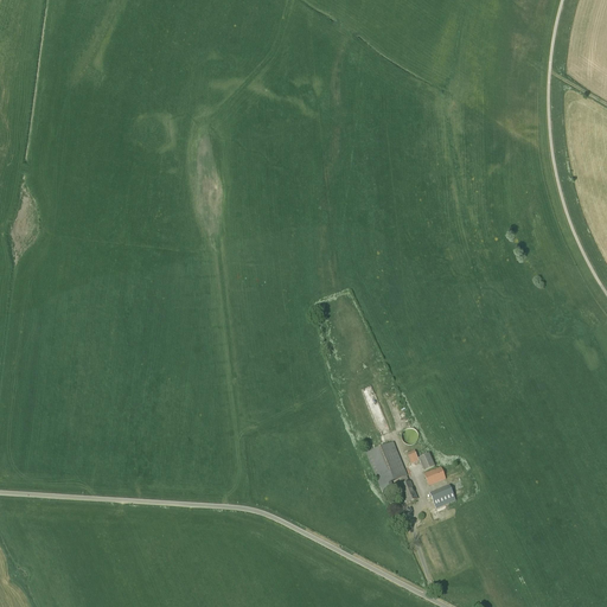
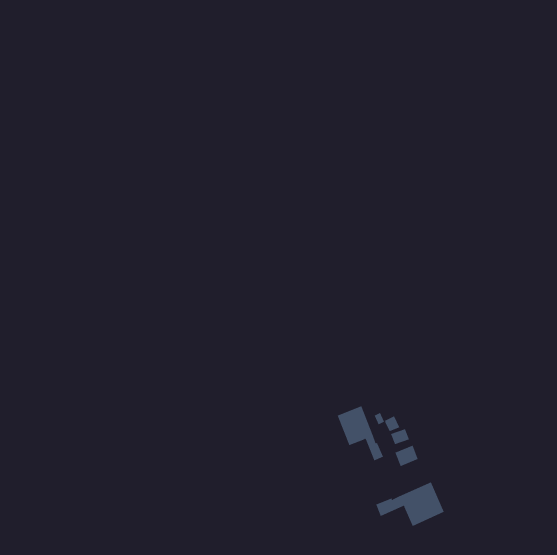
building: none -> [376,481,445,527]

